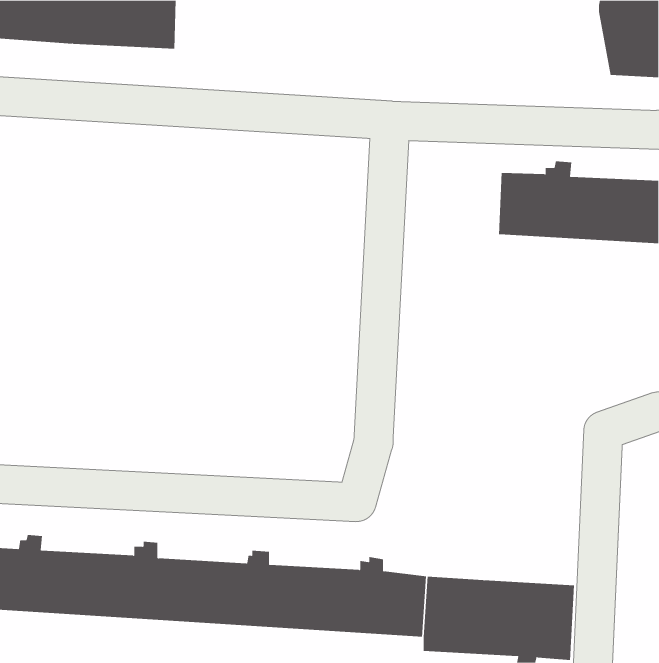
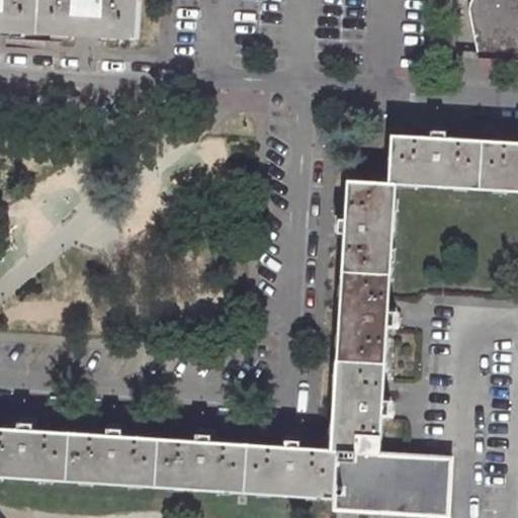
building: none -> [332,181,397,452]

